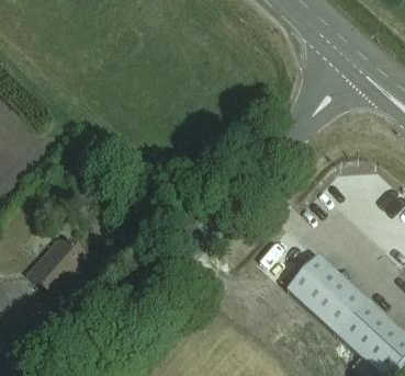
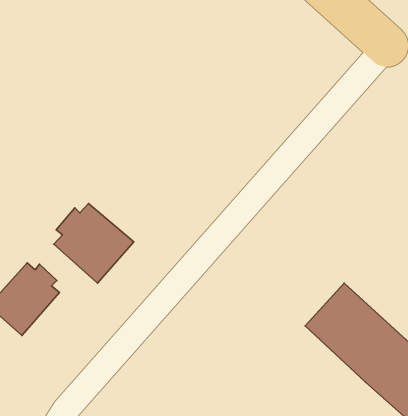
building: none -> [54,203,134,283]

